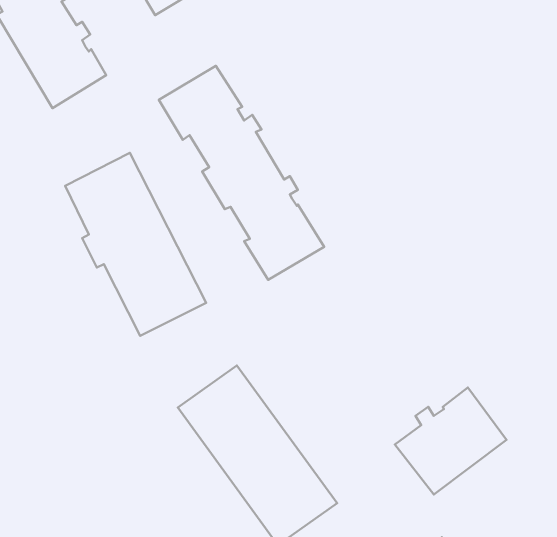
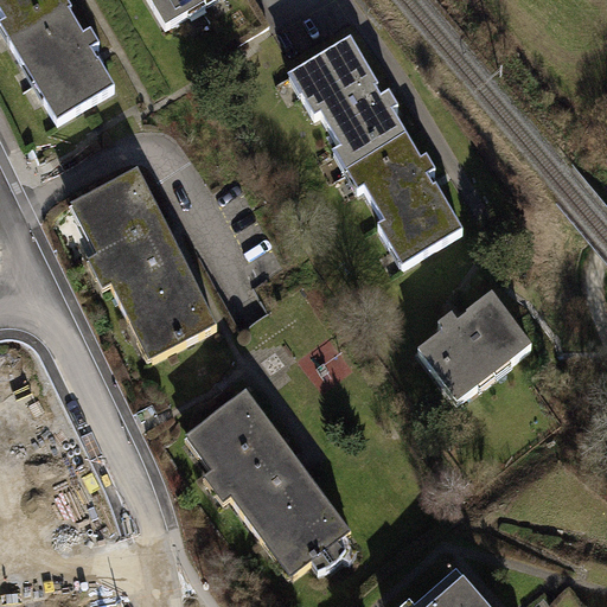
building: [159,66,324,280] -> [292,40,464,263]
building: [395,388,507,494] -> [416,289,532,401]

